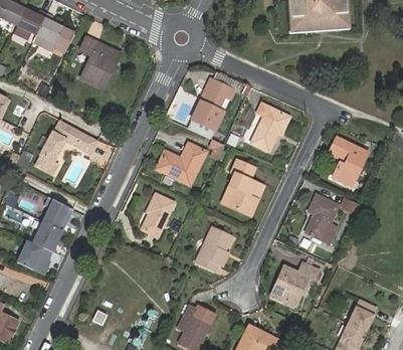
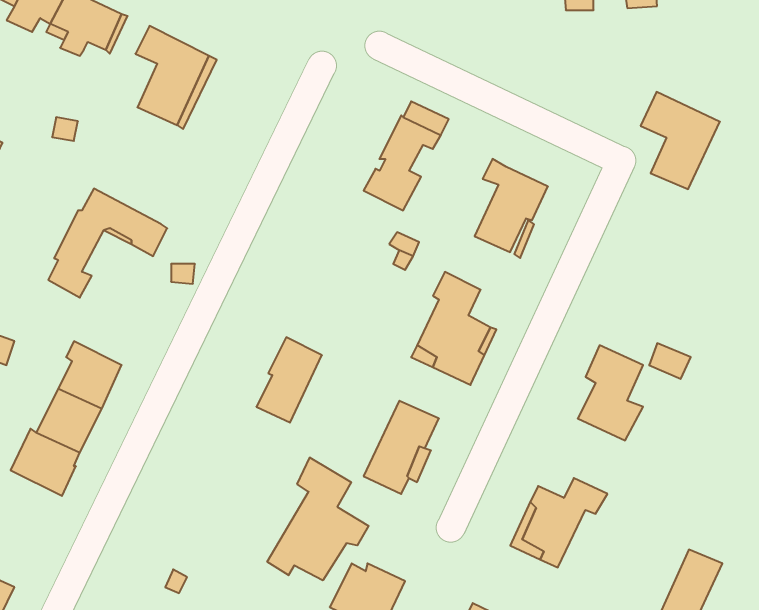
building: [327,139,367,188] -> [641,92,720,189]
building: [157,142,205,184] -> none
building: none -> [267,457,369,580]

